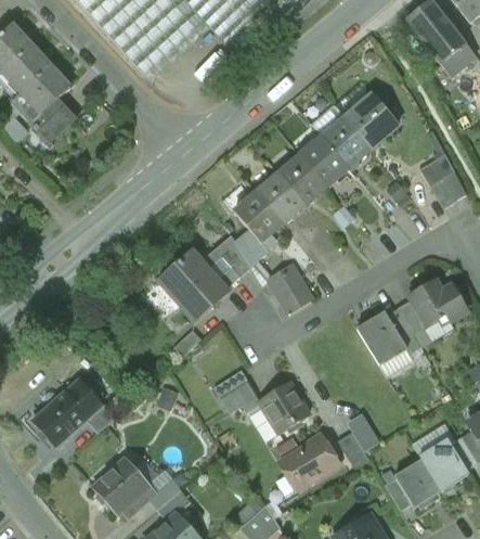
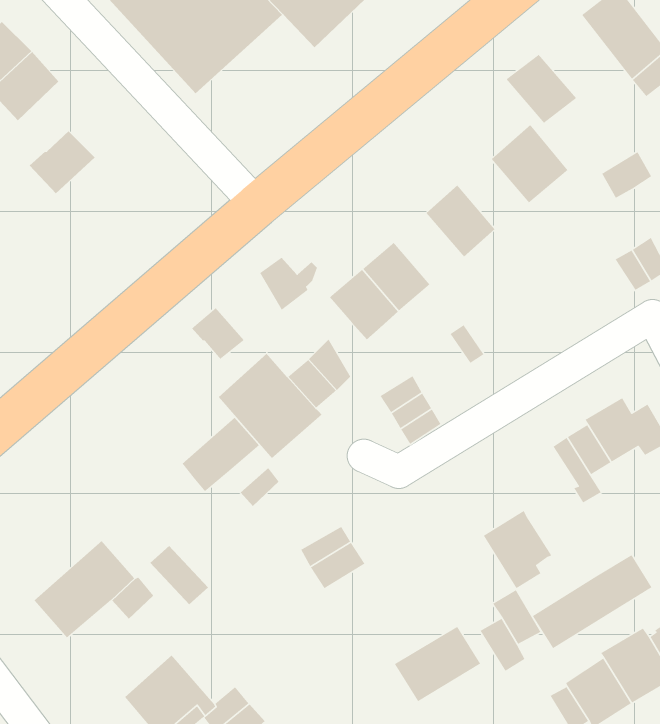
building: [22,65,69,113] -> none
building: [322,118,371,166] -> [506,54,577,124]
building: [419,154,454,187] -> [601,151,652,199]
building: [278,155,326,205] -> none
building: none -> [191,307,245,360]
building: [234,230,274,267] -> [259,257,318,311]
building: none -> [181,417,260,492]
building: [356,310,404,364] -> [483,510,553,589]
building: [260,381,309,432] -> none
building: none -> [149,545,209,605]
building: none -> [532,554,653,649]

